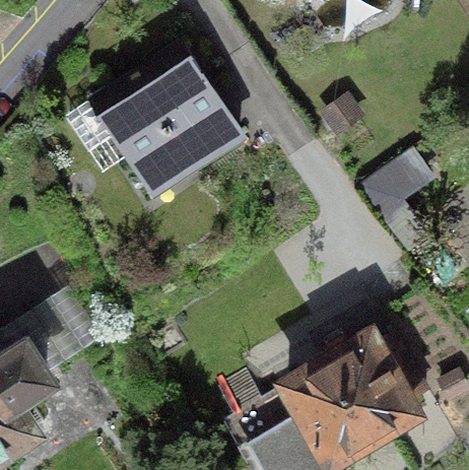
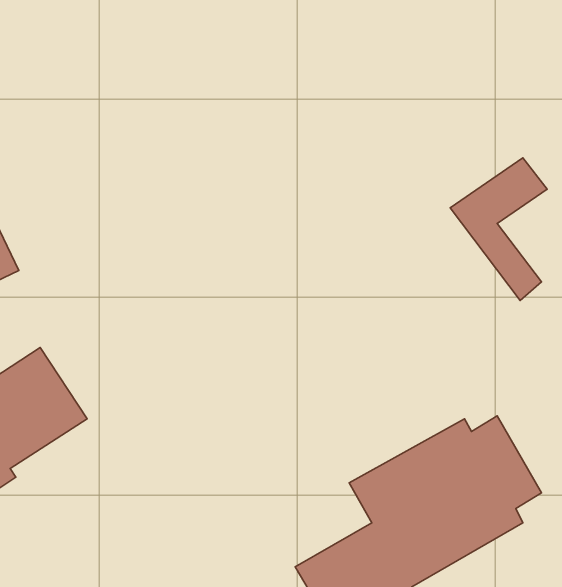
building: [93,52,239,194] -> none

